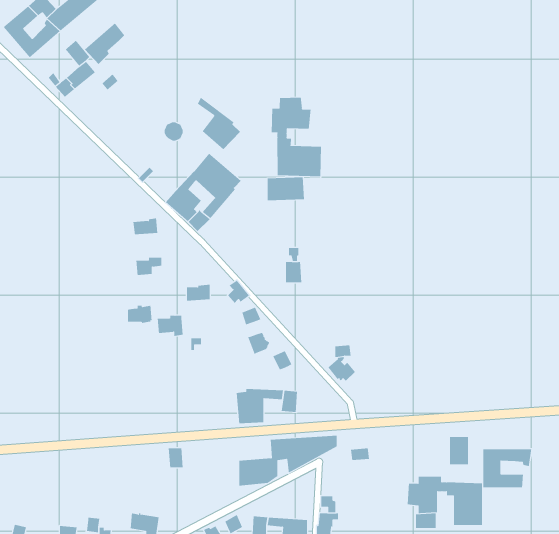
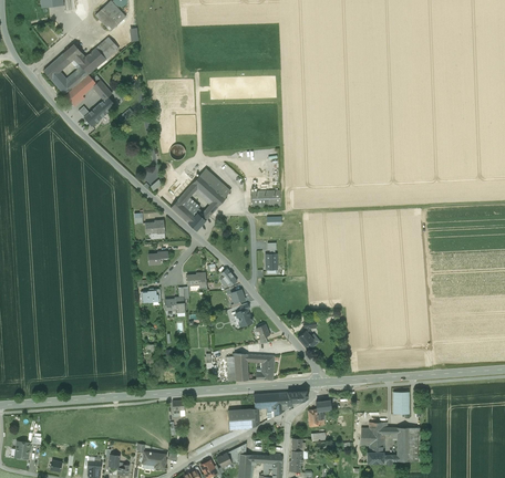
building: [84,23,125,65] -> [64,74,96,107]
building: [197,97,241,150] -> none
building: [271,97,322,177] -> none
building: [483,448,532,488] -> none

